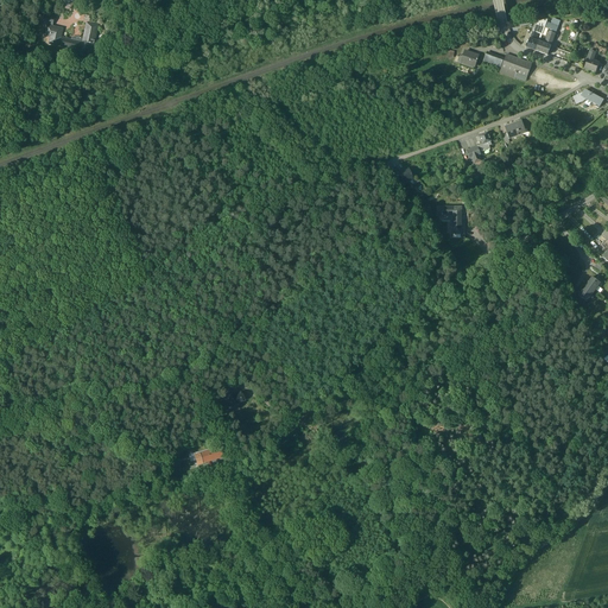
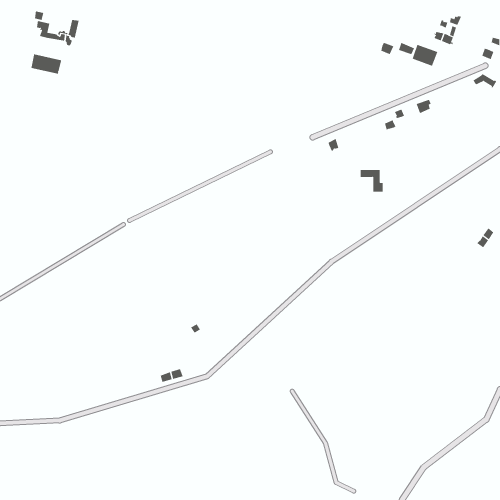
building: none -> [31,53,62,74]

